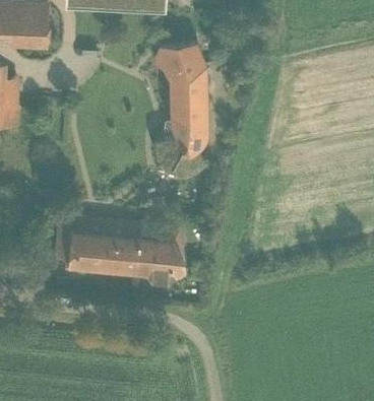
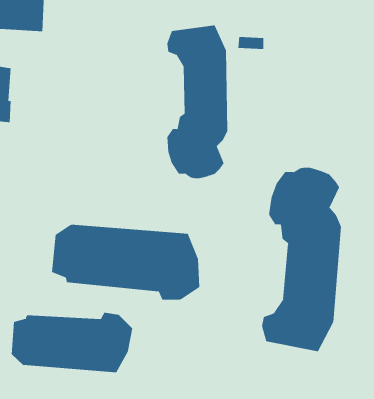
building: none -> [261,167,341,352]
building: none -> [11,312,133,373]

